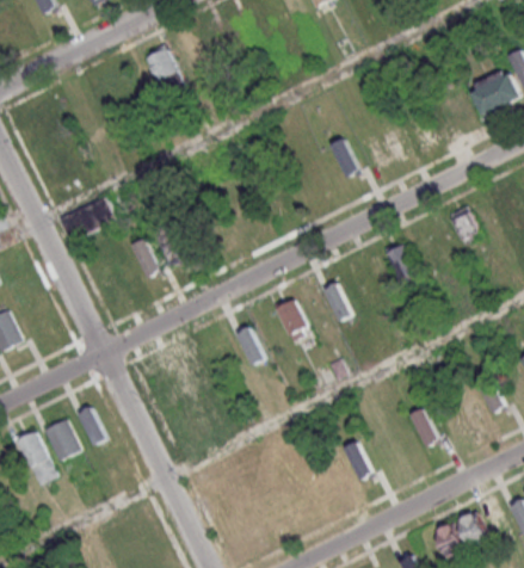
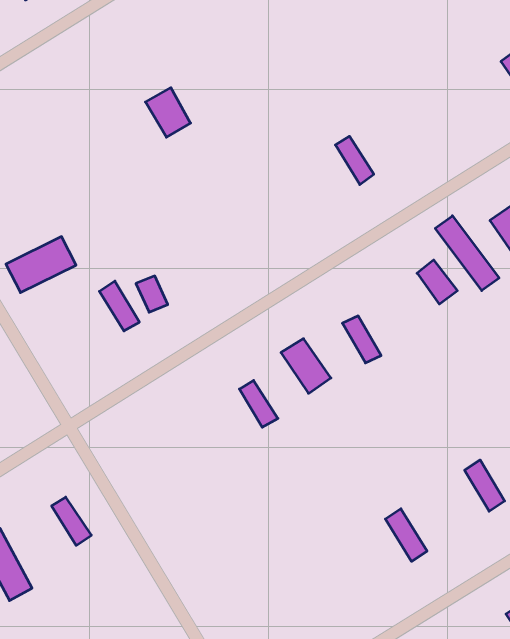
building: [143,43,178,82] -> [145,88,191,137]
building: none -> [435,216,499,291]
building: [43,419,81,462] -> none

